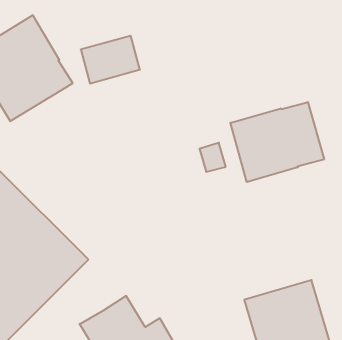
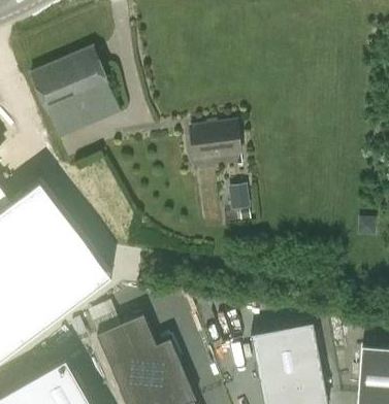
building: [81,36,140,83] -> [189,124,240,162]
building: [230,102,324,182] -> none

